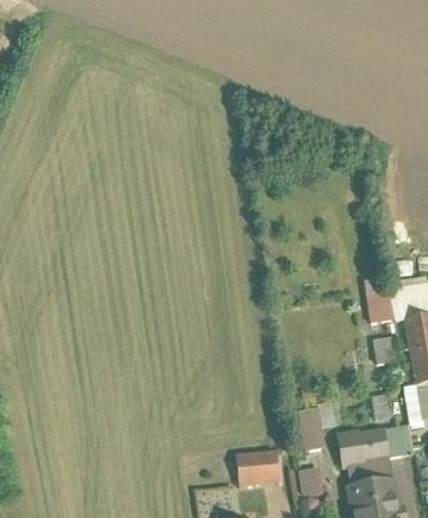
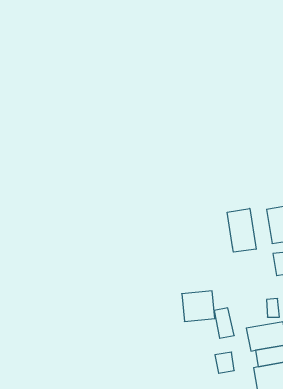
building: none -> [227,208,256,252]
building: [236,451,280,490] -> [182,291,215,321]

